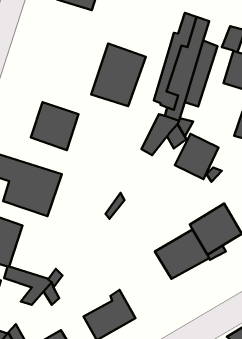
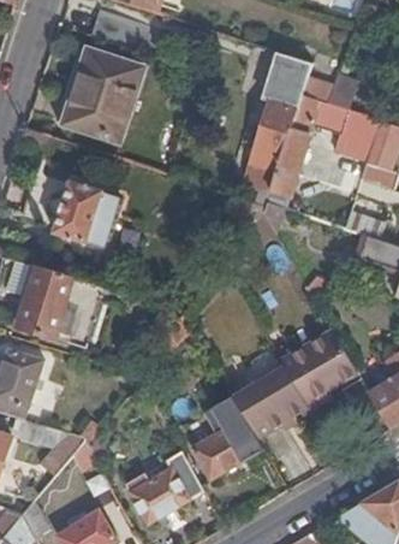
building: [91,43,146,106] -> [65,49,143,140]
building: [175,134,218,179] -> none
building: none -> [193,391,264,479]

